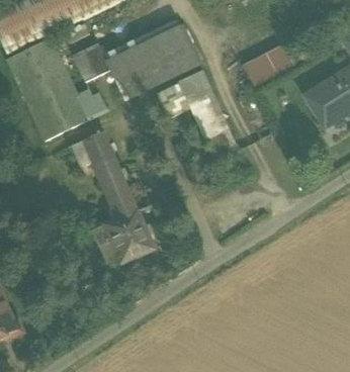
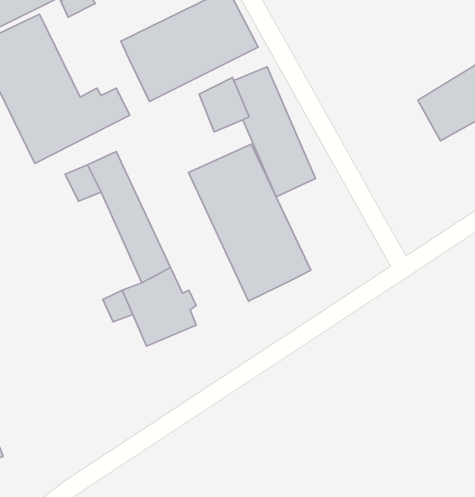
building: [69,37,109,93] -> none
building: [244,48,297,87] -> none
building: none -> [188,144,311,301]

